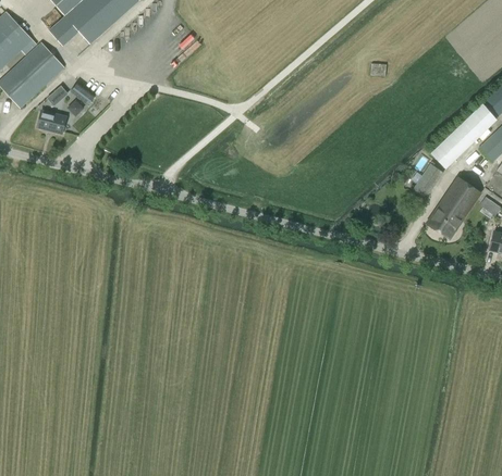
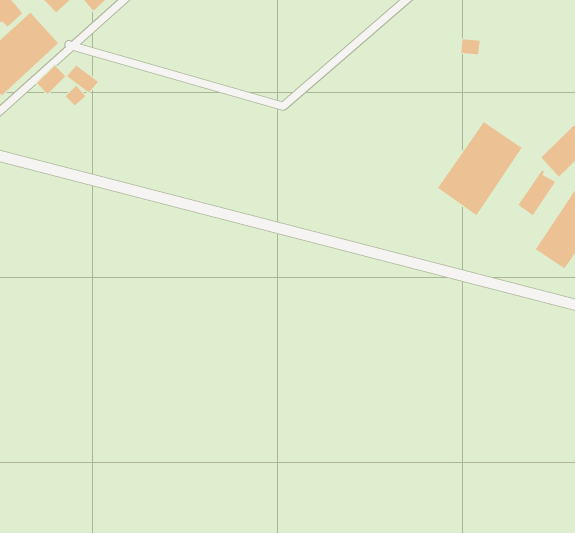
building: [38,111,66,134] -> none
building: none -> [437,121,523,216]

